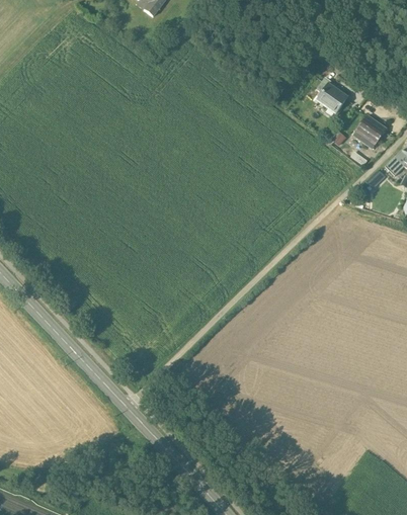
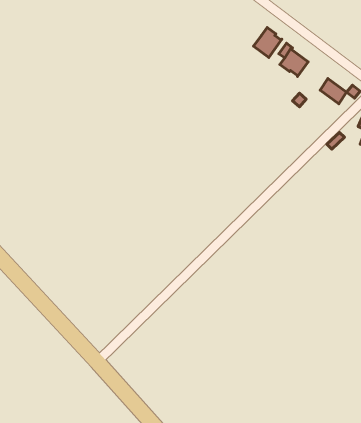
building: none -> [253,28,282,57]

